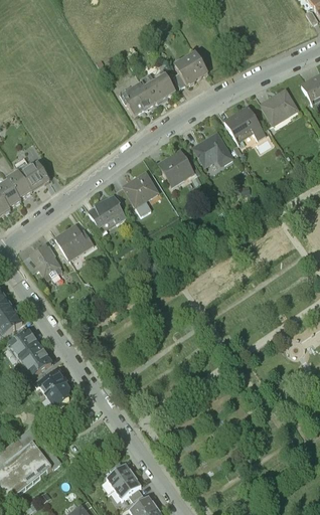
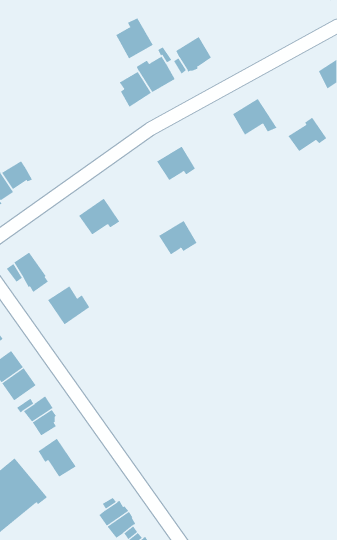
building: none -> [116,17,153,59]
building: [263,89,298,120] -> [287,117,327,152]
building: [193,132,233,165] -> none
building: [123,172,158,203] -> [158,220,198,255]
building: [55,224,94,260] -> [47,286,90,325]
building: none -> [38,438,76,477]

